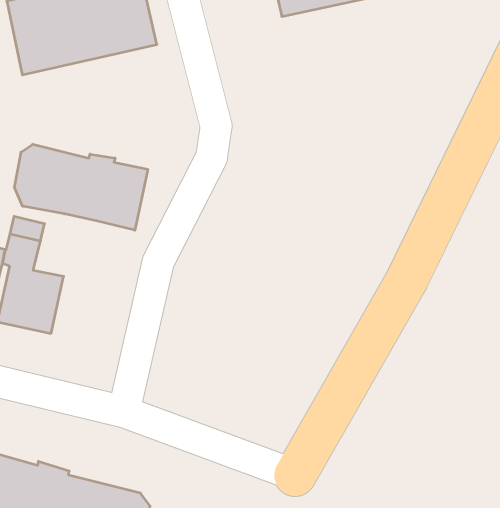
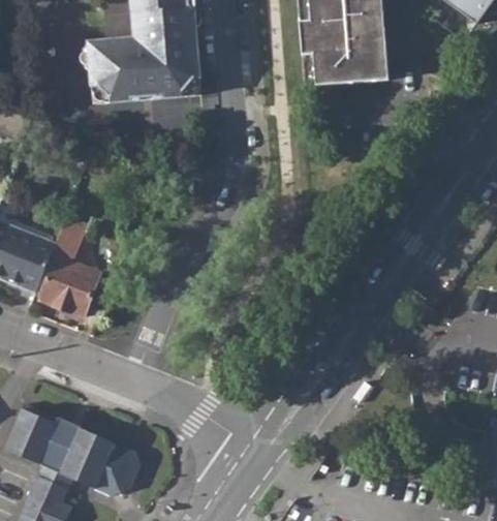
building: [15,144,148,230] -> none

